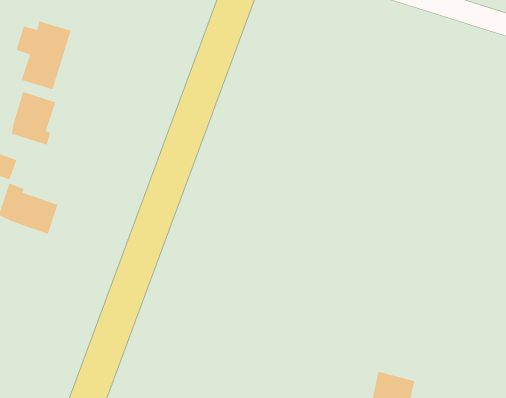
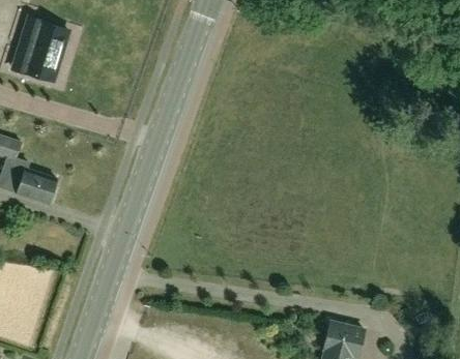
building: [11,91,56,145] -> none

